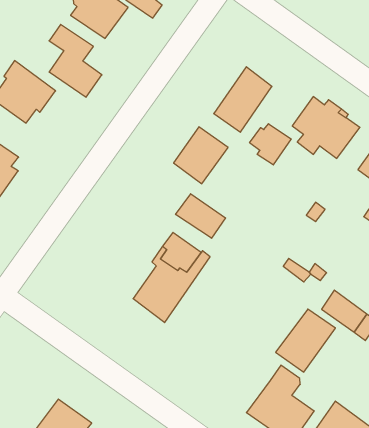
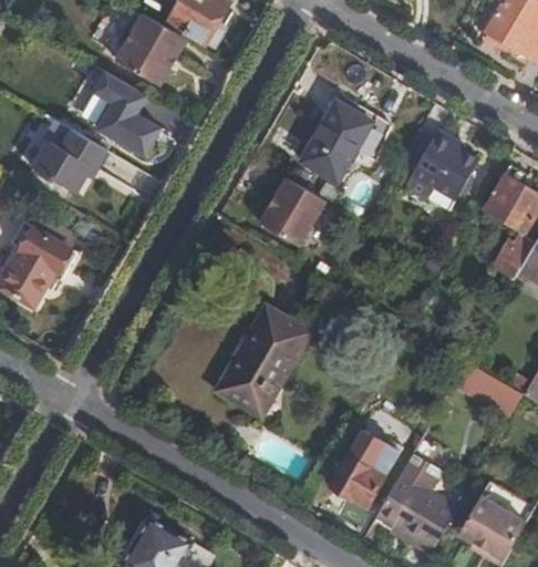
building: [250,124,291,165] -> none
building: [176,194,226,238] -> none
building: [276,309,335,372] -> [330,430,400,506]

